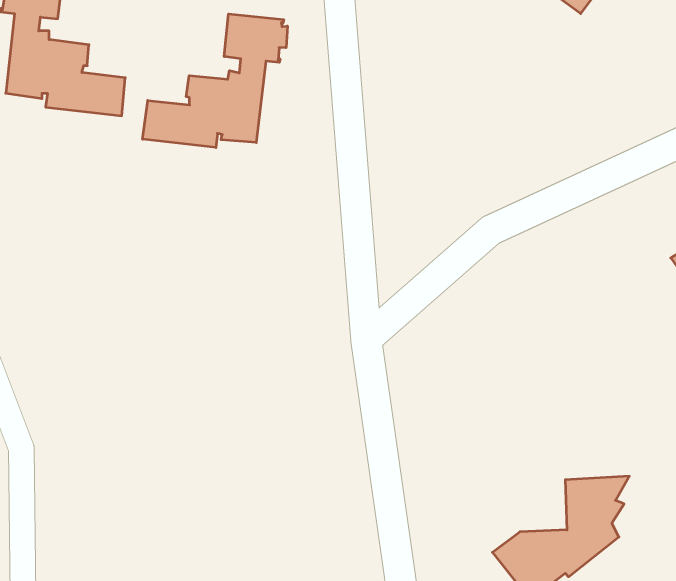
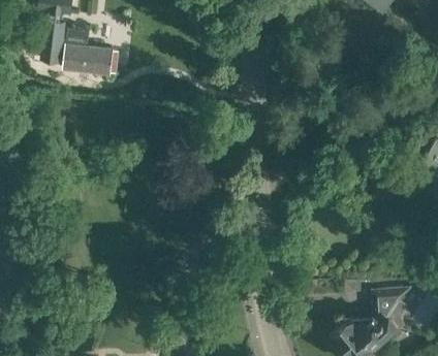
building: [143,14,287,148] -> none

